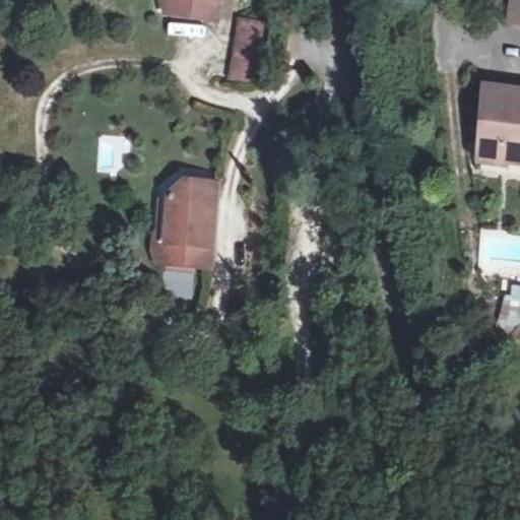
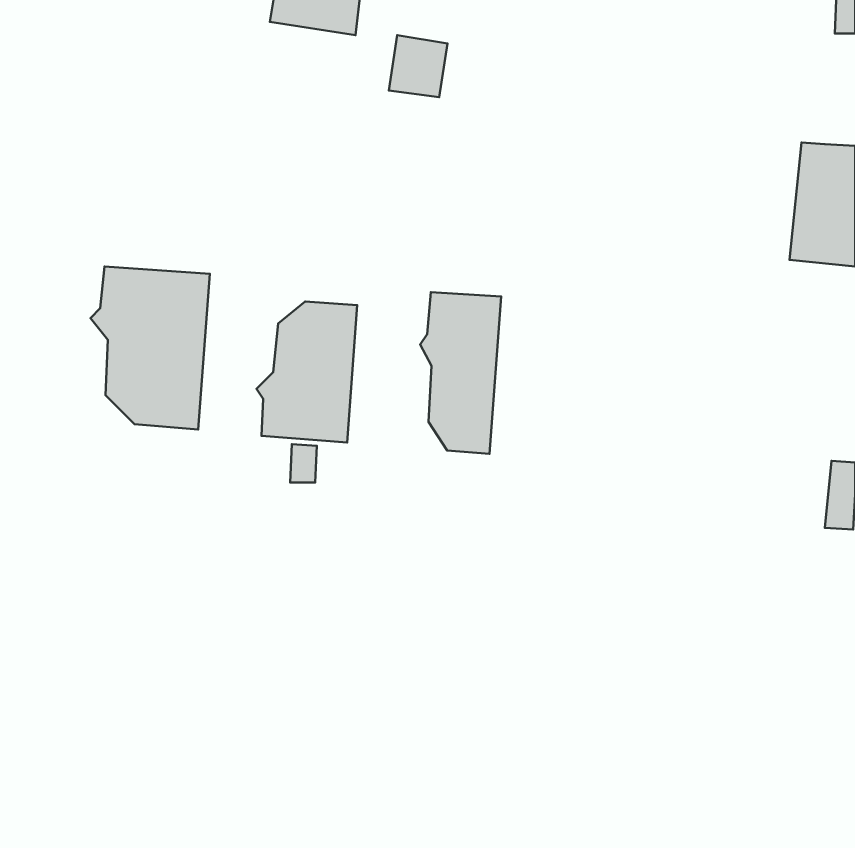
building: none -> [90,267,210,429]
building: none -> [420,292,501,454]

